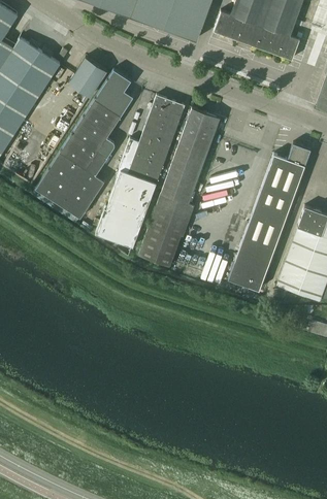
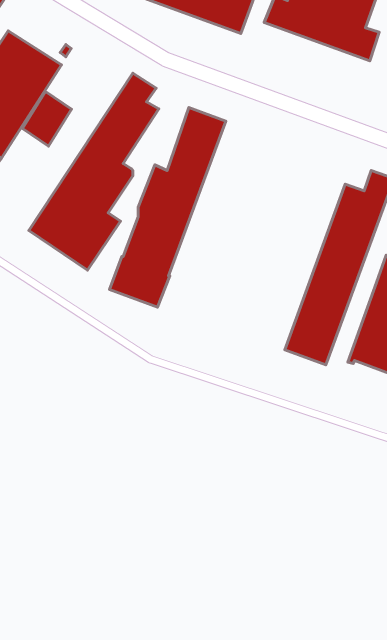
building: [71,53,108,94] -> [22,91,72,146]
building: [137,108,216,267] -> none

